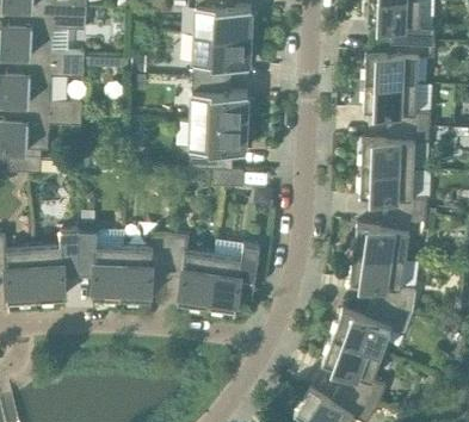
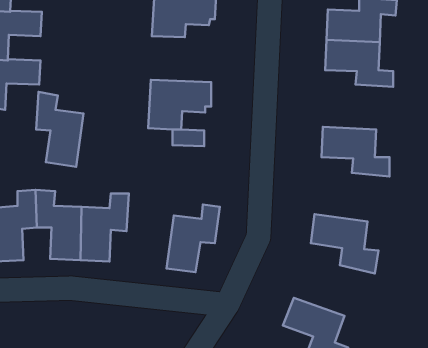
building: [191,76,252,122] -> none
building: [360,124,430,168] -> none
building: [352,211,426,259] -> none
building: [167,231,214,305] -> [36,92,83,167]
building: [332,302,412,352] -> none

